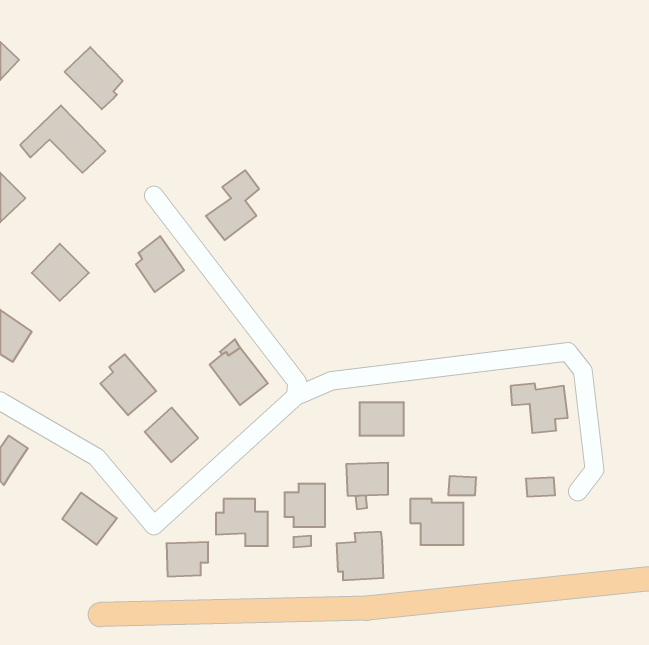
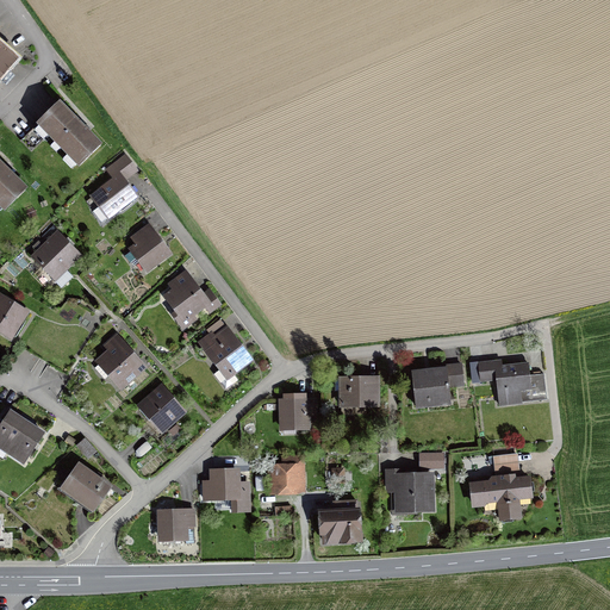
building: [65,47,123,109] -> none
building: [206,170,259,240] -> [88,154,138,219]
building: none -> [161,269,222,331]
building: none -> [409,366,463,411]
building: none -> [10,421,43,456]
building: [346,463,388,496] -> [278,398,317,429]
building: none -> [468,475,533,522]

